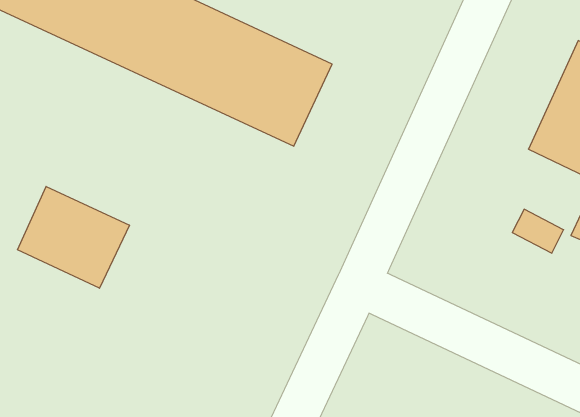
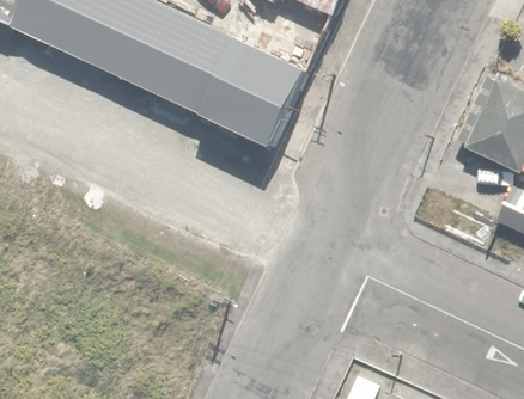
building: [18,186,129,288] -> none

